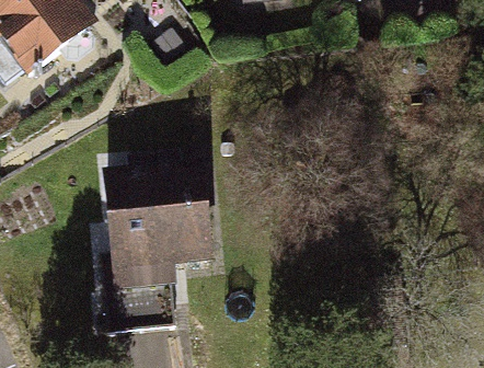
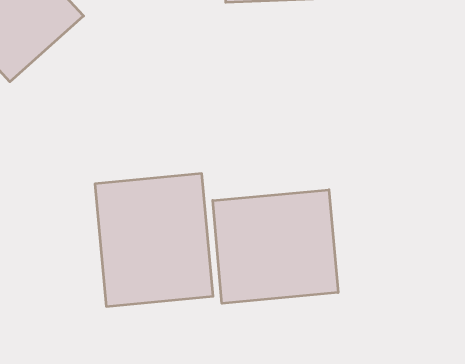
building: none -> [213,190,338,303]

